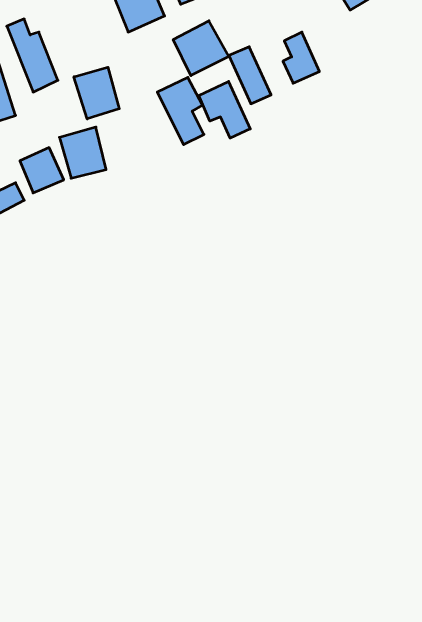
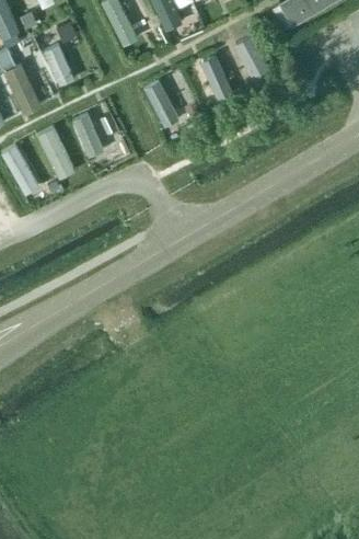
building: [173,21,229,76] -> none
building: [74,67,119,119] -> none
building: [199,81,250,138] -> none

